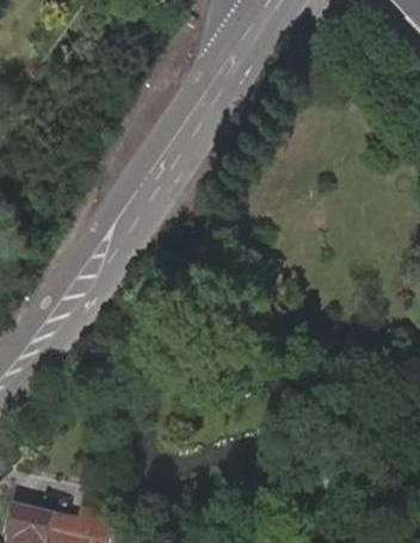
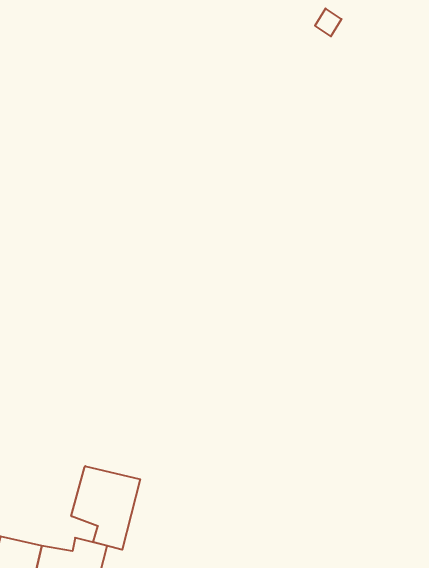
building: none -> [71,466,140,550]

